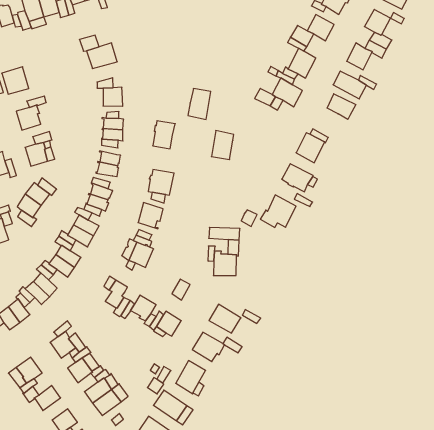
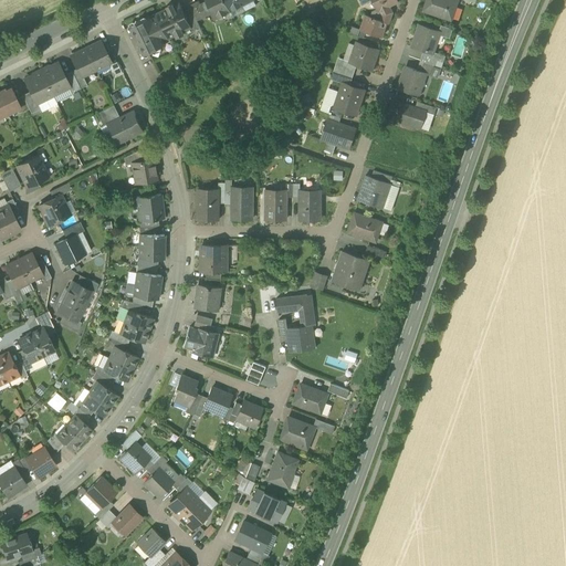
building: [188,89,211,119] -> [231,188,252,220]
building: [327,94,356,119] -> none
building: none -> [300,191,321,220]

